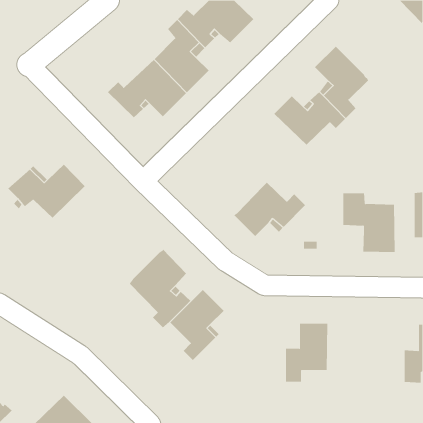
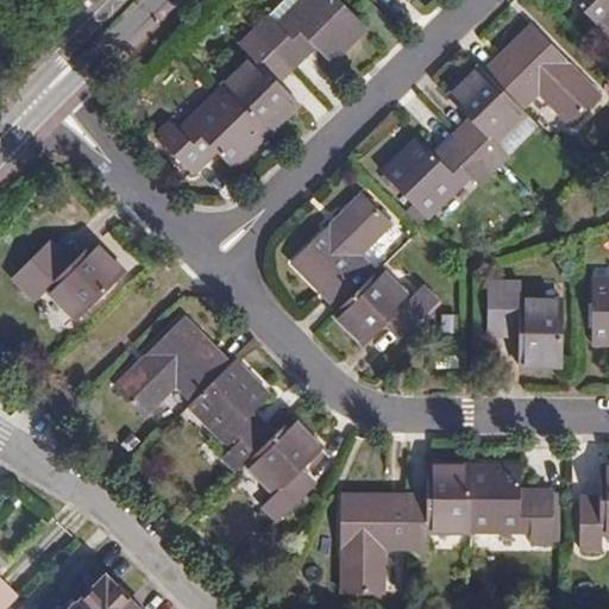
building: none -> [485,27,601,126]
building: none -> [291,192,391,307]
building: none -> [112,319,227,416]
building: none -> [469,465,553,542]
building: none -> [343,494,408,590]

